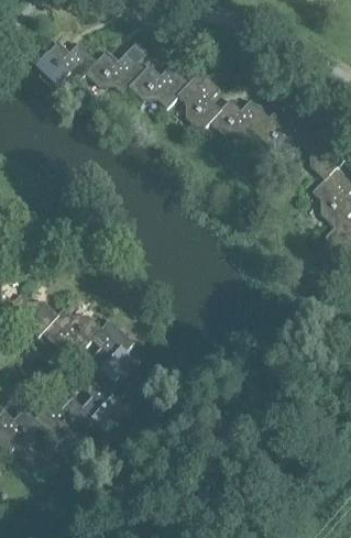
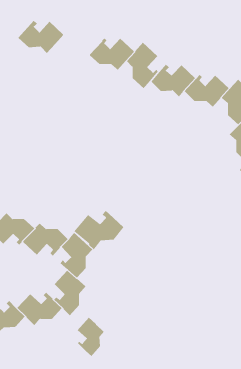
building: [87,40,149,94] -> none
building: none -> [73,210,124,250]
building: none -> [77,317,105,357]

